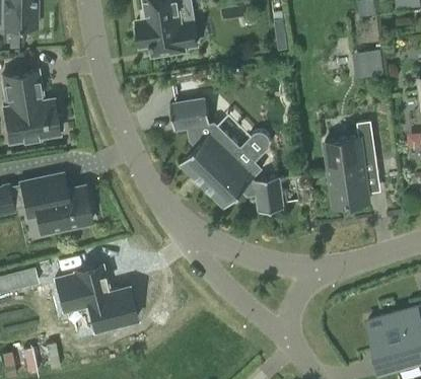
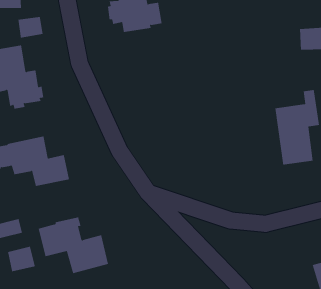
building: none -> [18,16,43,39]
building: [169,99,282,212] -> none
building: none -> [8,246,35,272]

